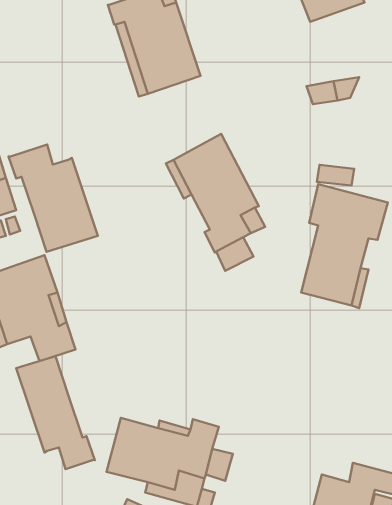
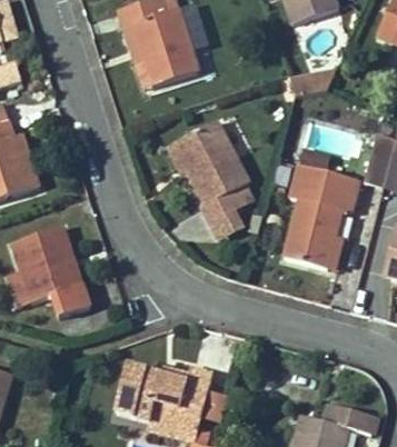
building: [9,144,98,252] -> none
building: [16,356,95,469] -> none

